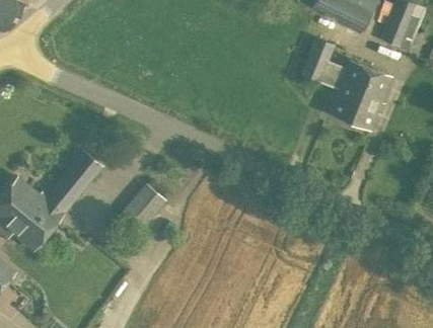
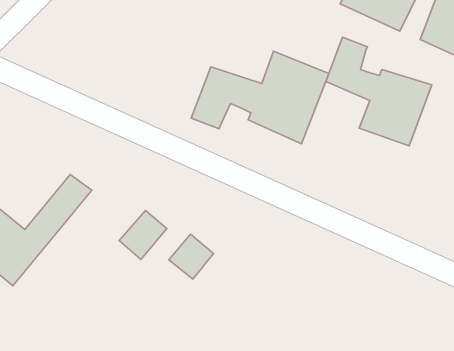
building: none -> [191,51,329,144]
building: none -> [169,234,213,279]

